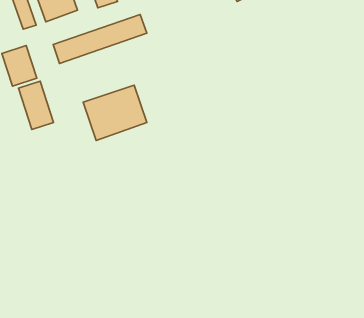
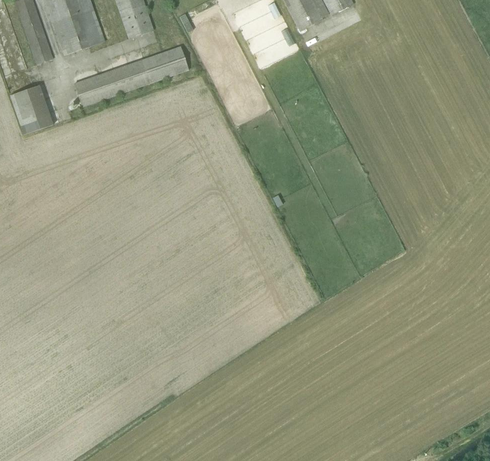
building: [18,81,53,129] -> none
building: [83,85,147,140] -> none

